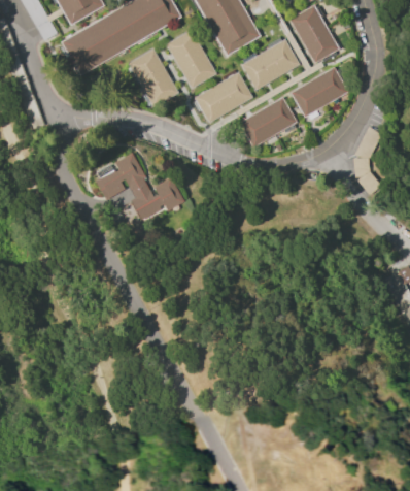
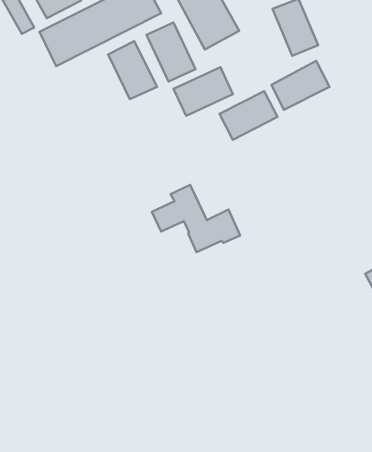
building: [241,39,300,89] -> none
building: [96,152,183,219] -> [152,185,240,252]

